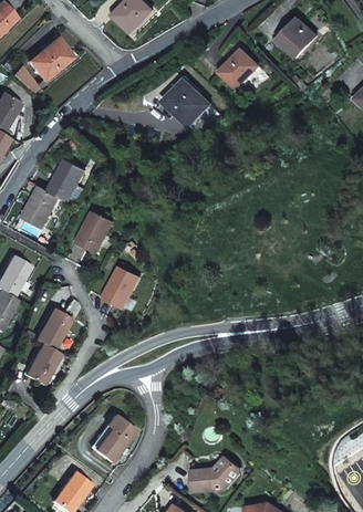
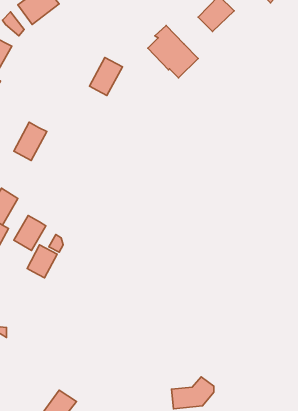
building: [49,159,84,200] -> [89,57,122,96]
building: [76,211,112,251] -> none
building: [102,265,138,309] -> none
building: [28,345,62,383] -> [14,216,46,251]
building: [89,415,133,462] -> none

